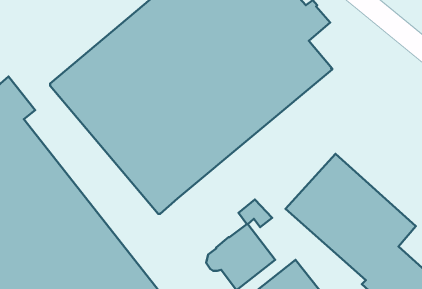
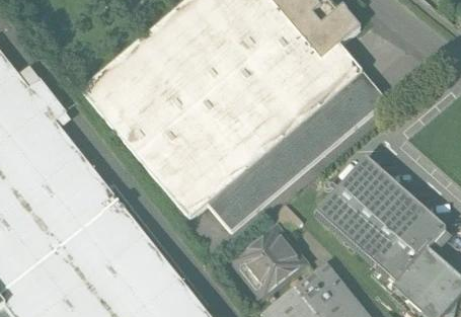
building: none -> [209,72,383,226]

